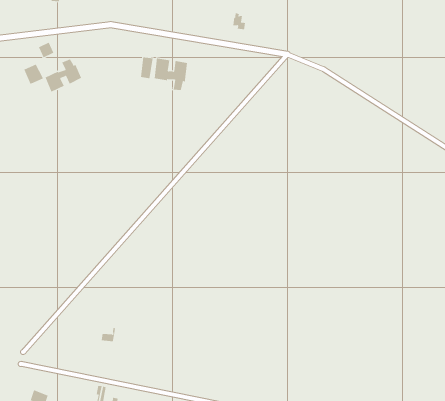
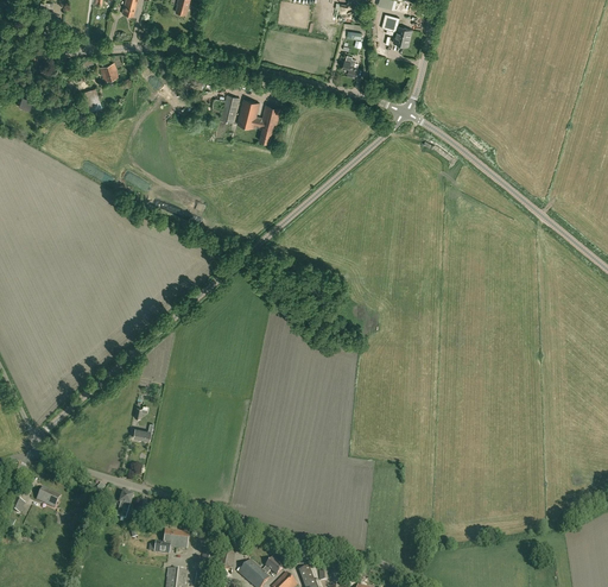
building: [45,59,82,93] -> none

